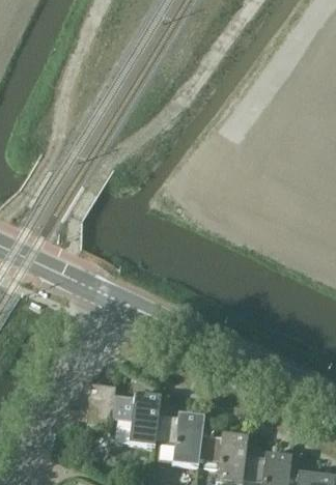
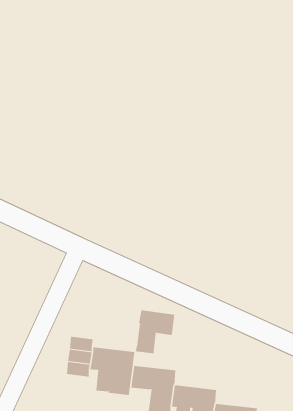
building: none -> [135,310,175,354]

